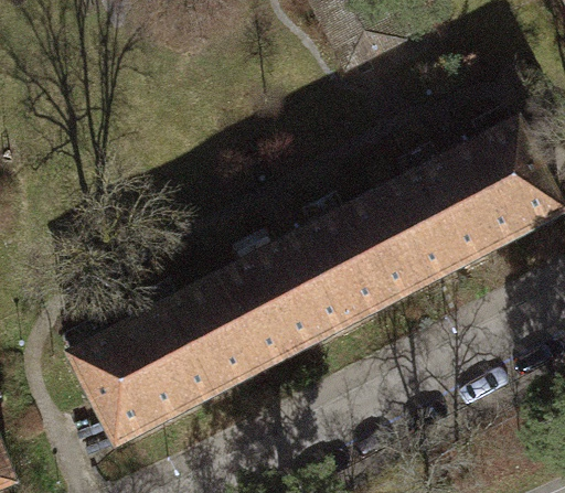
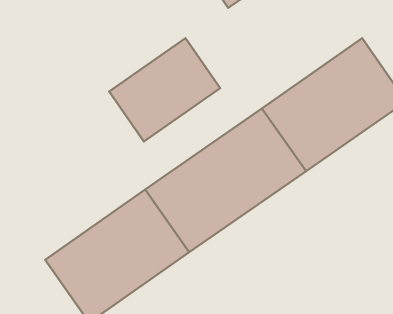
building: none -> [109,38,220,141]

